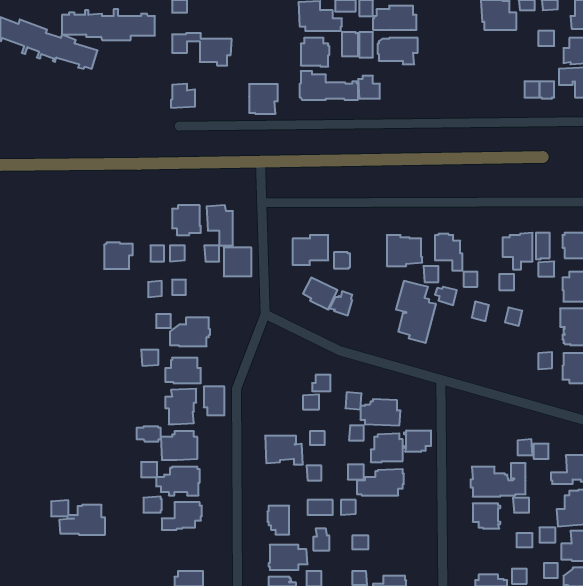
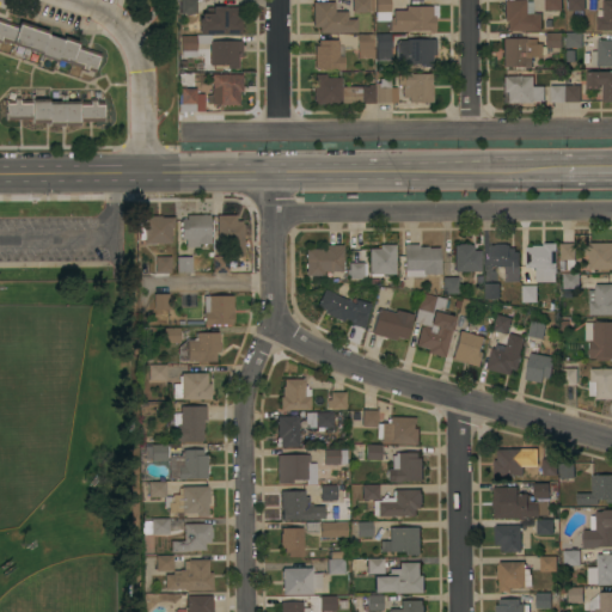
building: none -> [201,7,244,33]
building: [62,9,155,40] -> [11,93,108,126]
building: none -> [503,32,561,67]
building: none -> [399,73,435,103]
building: none -> [504,75,544,103]
building: [249,84,278,114] -> [214,74,244,105]
building: none -> [491,244,521,282]
building: none -> [372,245,398,276]
building: [104,243,133,269] -> [148,215,178,243]
building: [224,248,251,276] -> [207,295,235,325]
building: none -> [374,308,416,341]
building: none -> [454,331,486,367]
building: none -> [488,335,525,375]
building: none -> [526,351,556,382]
building: none -> [282,378,312,410]
building: [204,387,224,415] -> [280,416,301,446]
building: none -> [496,448,525,476]
building: [404,430,431,452] -> none
building: none -> [283,490,328,520]
building: [51,500,105,535] -> [158,555,214,590]
building: none -> [382,526,420,555]
building: none -> [498,561,532,592]
building: none -> [375,562,428,593]

